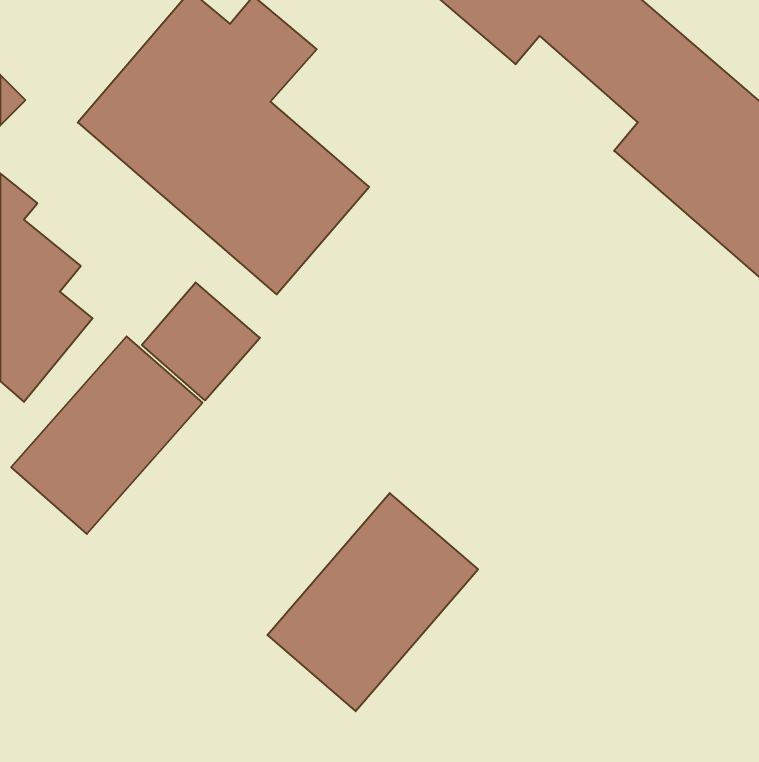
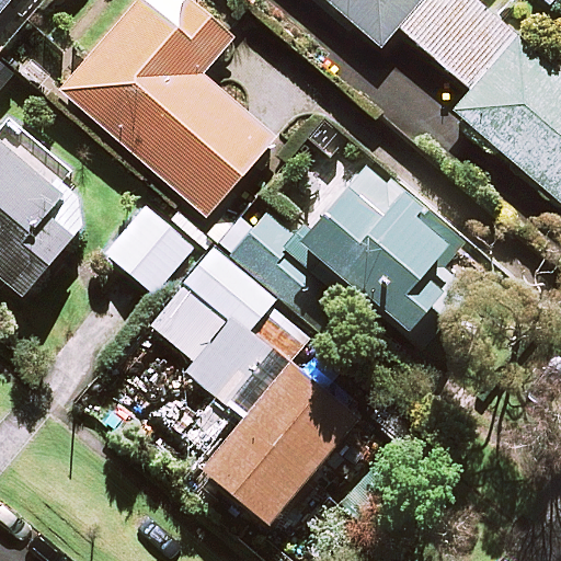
building: none -> [230,165,445,329]
building: [11,336,202,534] -> none
building: none -> [151,249,273,394]

